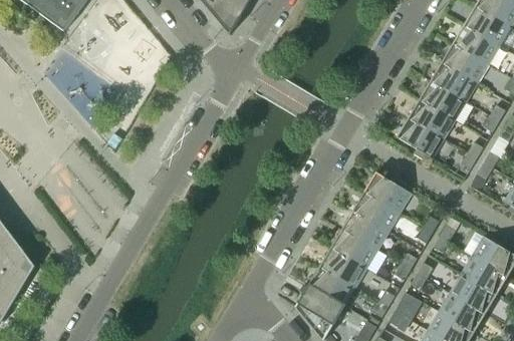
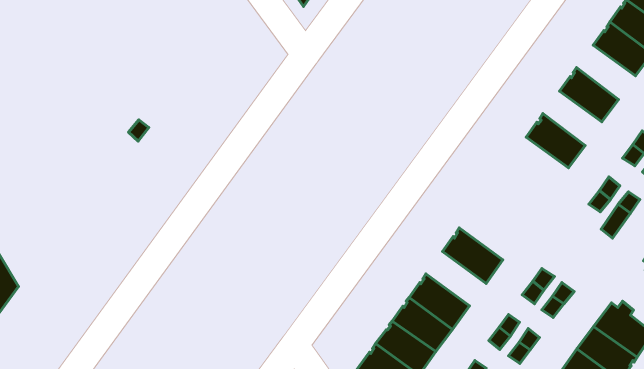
building: [441,43,486,82] -> none
building: [419,80,464,119] -> none
building: [396,117,442,158] -> none
building: [363,172,410,212] -> none
building: [341,210,388,249] -> none

